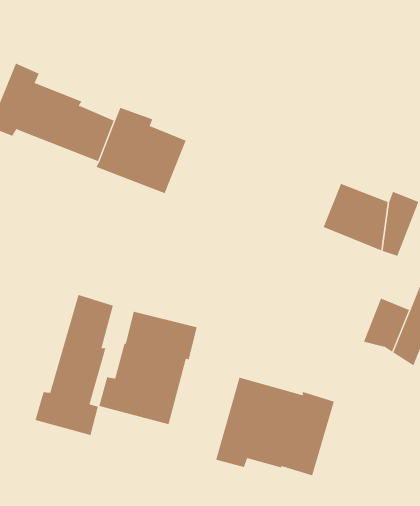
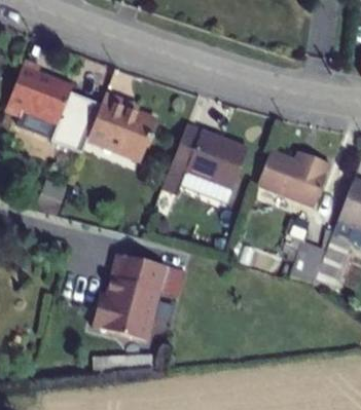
building: none -> [171,125,251,193]
building: [35,294,114,436] -> none
building: [216,377,334,476] -> none

